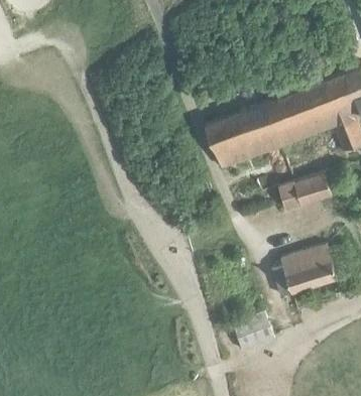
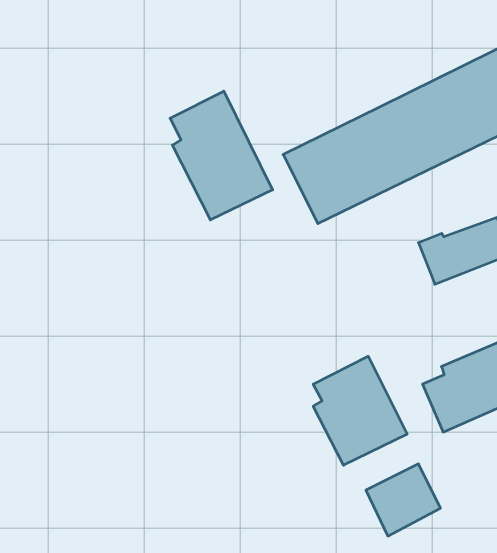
building: none -> [170,91,273,220]
building: none -> [313,356,407,465]

